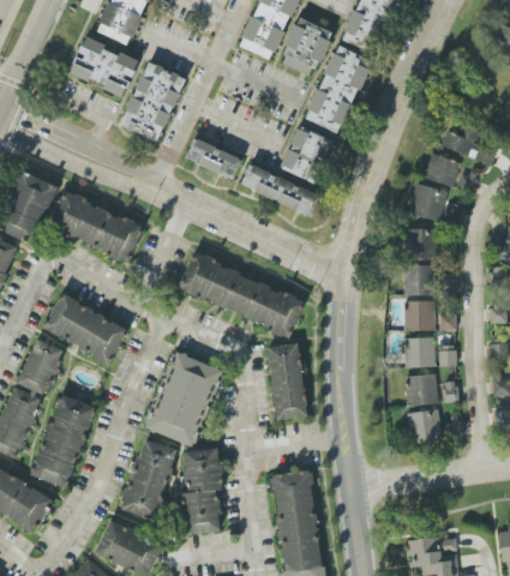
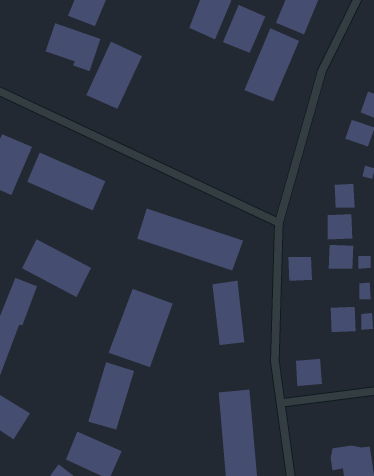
building: [280,125,336,184] -> none
building: [186,138,241,179] -> none
building: [241,166,320,212] -> none
building: [408,182,448,221] -> none
building: [406,337,436,367] -> [287,256,313,282]
building: [32,394,96,488] -> none
building: [409,409,442,443] -> [295,358,323,387]
building: [180,448,223,534] -> none

